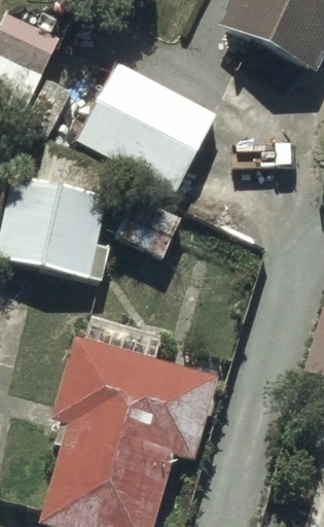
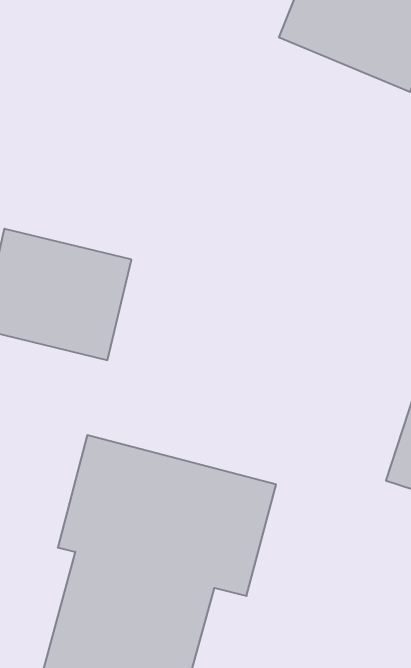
building: [73,61,217,194] -> none

